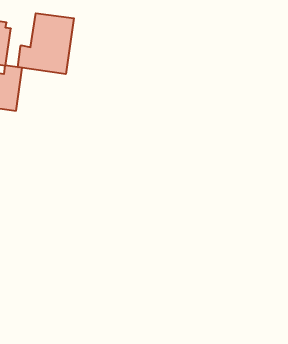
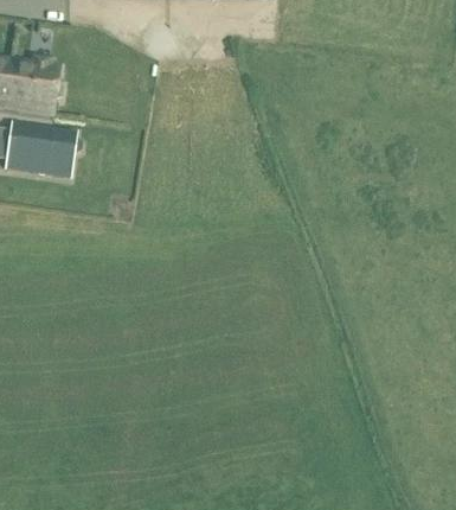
building: [18,13,74,74] -> none

